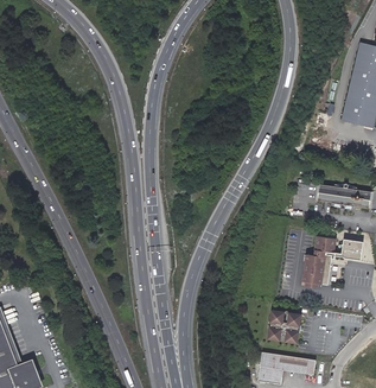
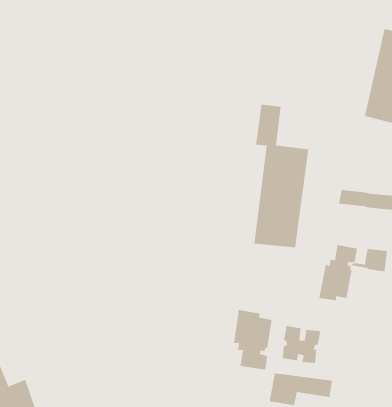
building: none -> [254,104,309,248]
building: none -> [233,309,272,371]

